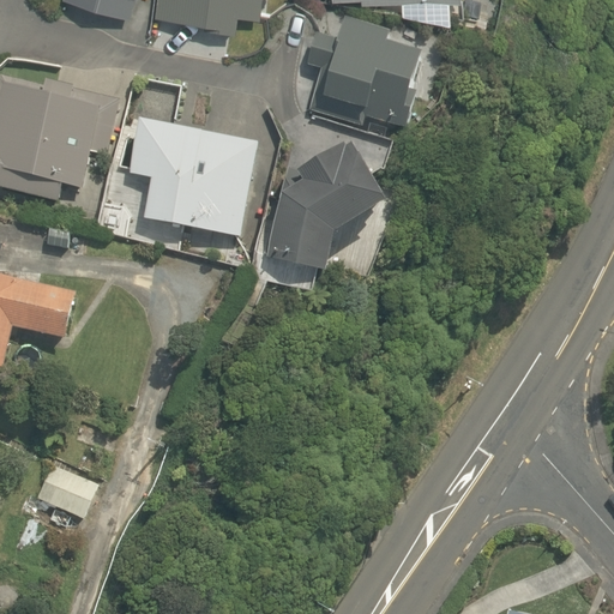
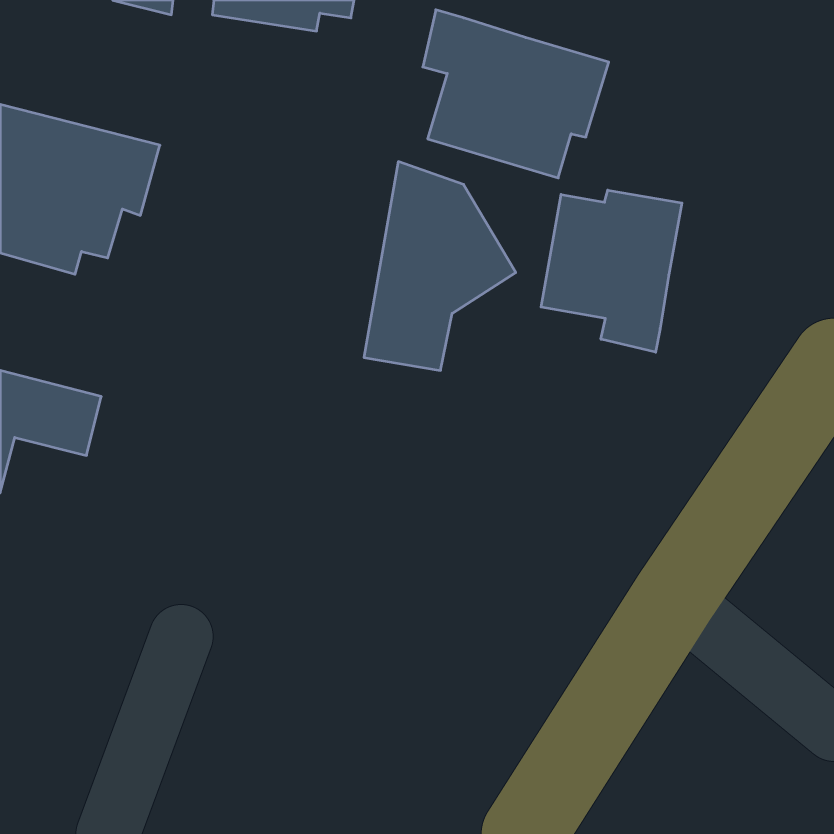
building: [122,114,257,237] -> none
building: none -> [541,190,682,352]
building: [29,462,100,520] -> none

